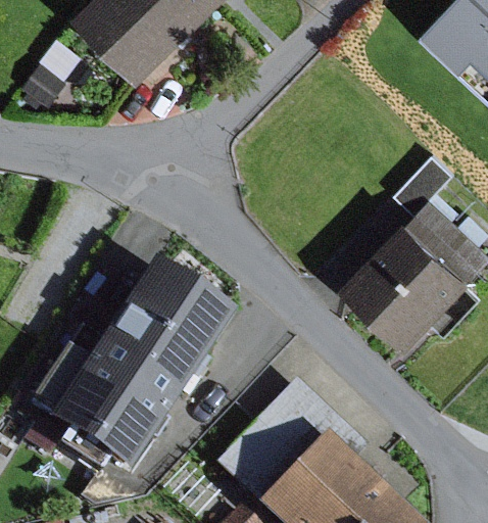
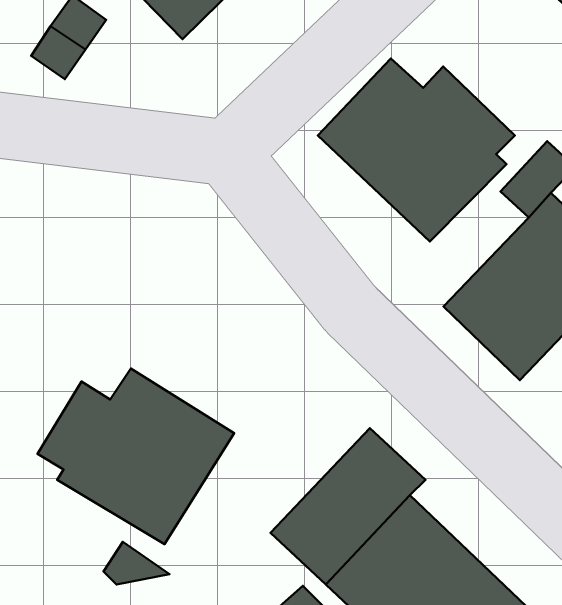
building: none -> [318,58,515,242]
building: [105,258,235,385] -> none

